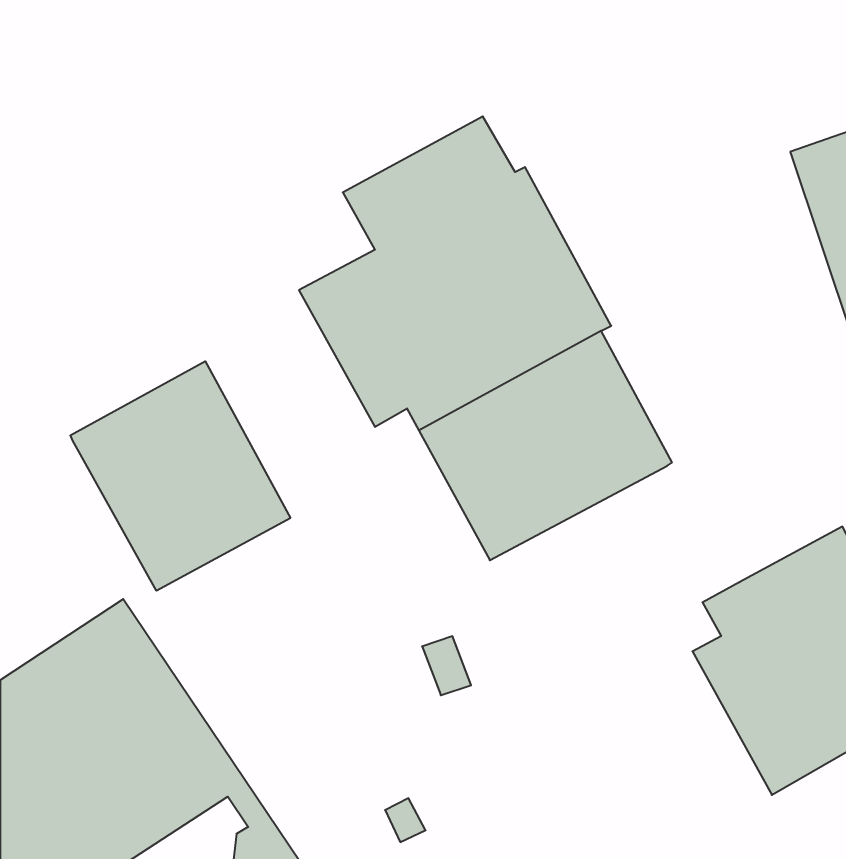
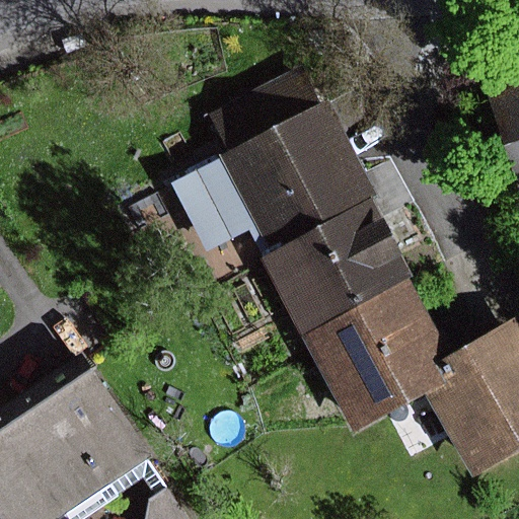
building: [70,361,290,591] -> none
building: none -> [304,282,454,432]

